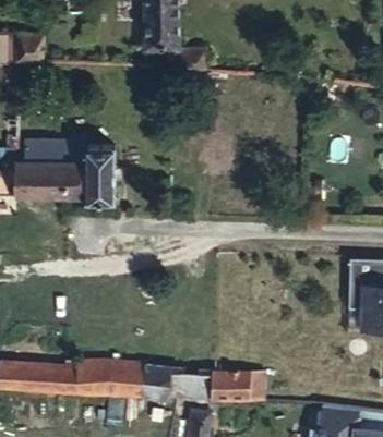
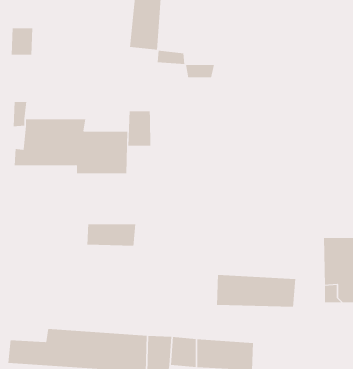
building: none -> [128,111,151,147]
building: none -> [87,223,136,246]
building: none -> [217,274,296,307]

